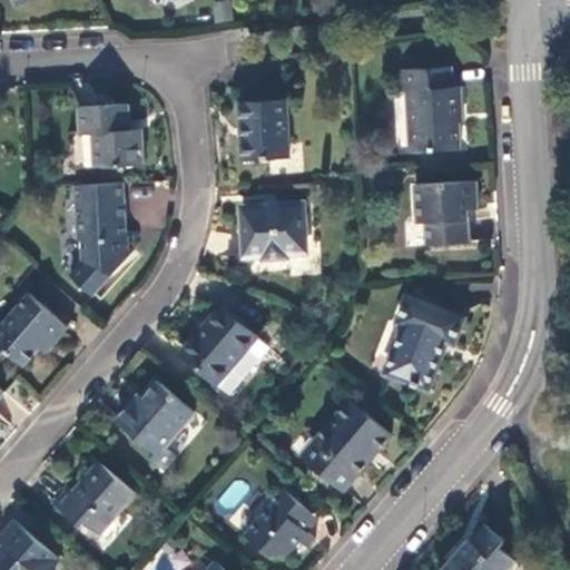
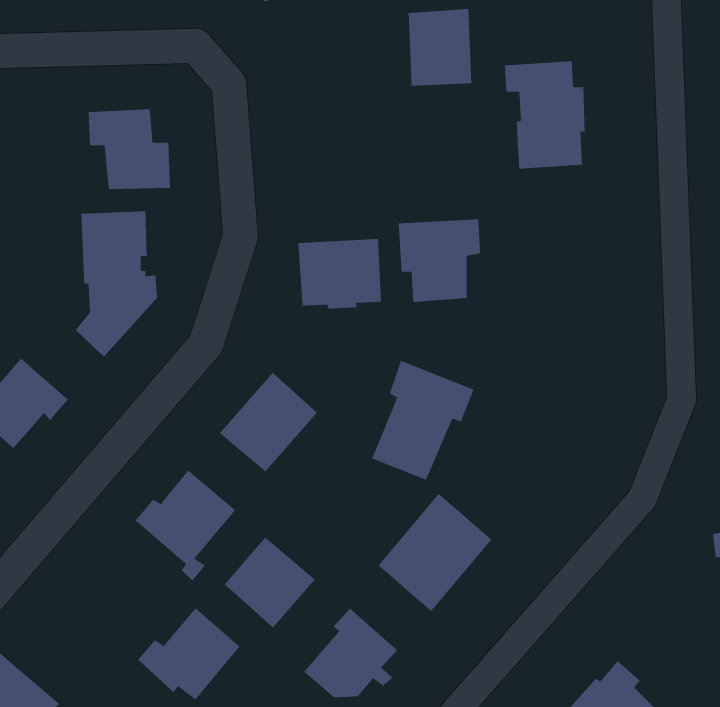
building: [239,99,288,159] -> [408,8,472,87]
building: [415,181,479,246] -> [398,219,481,303]
building: [384,296,463,389] -> [371,360,475,481]
building: none -> [224,537,316,629]
building: [53,462,132,533] -> [137,607,241,700]

